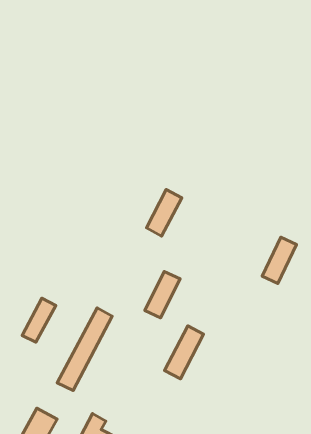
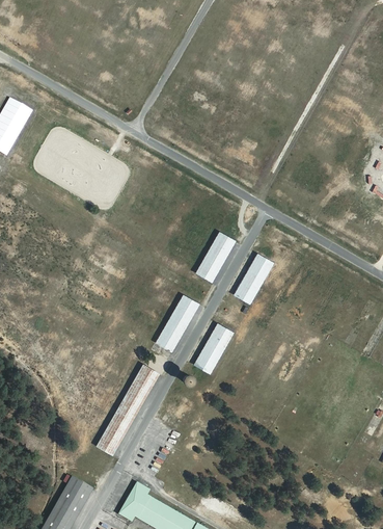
building: [262,237,297,284] -> [234,253,272,305]
building: [22,298,56,342] -> none
building: [165,326,204,379] -> [155,293,198,352]

